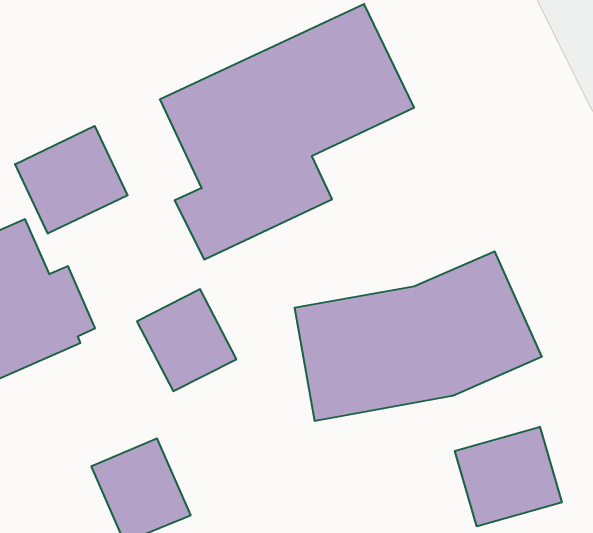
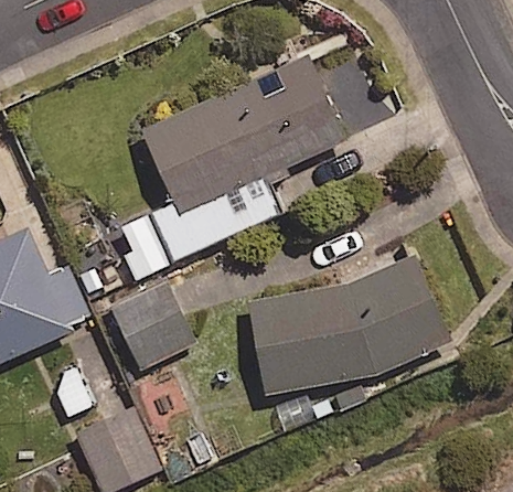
building: [15,126,128,234] -> none
building: [455,427,562,526] -> none

